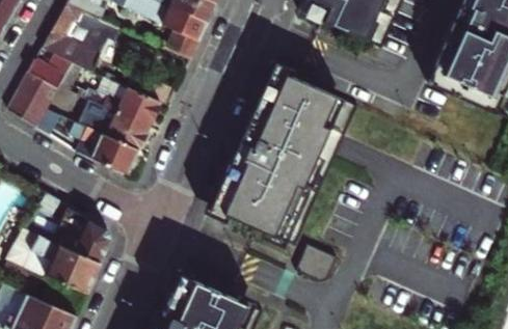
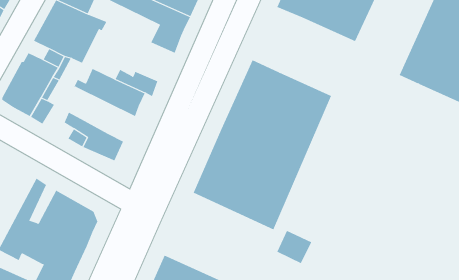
building: [81,95,149,153] -> none

